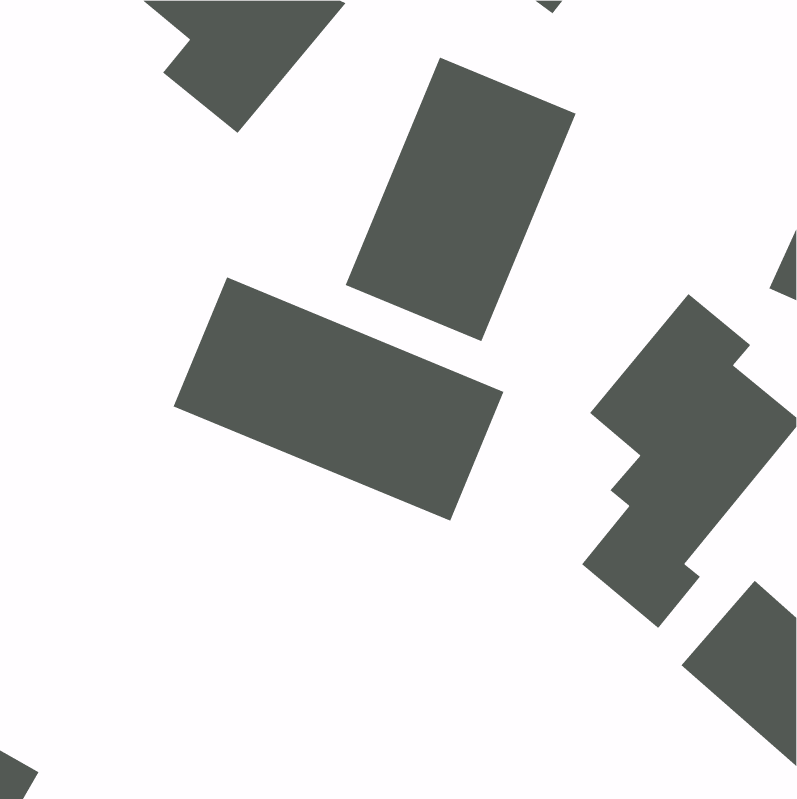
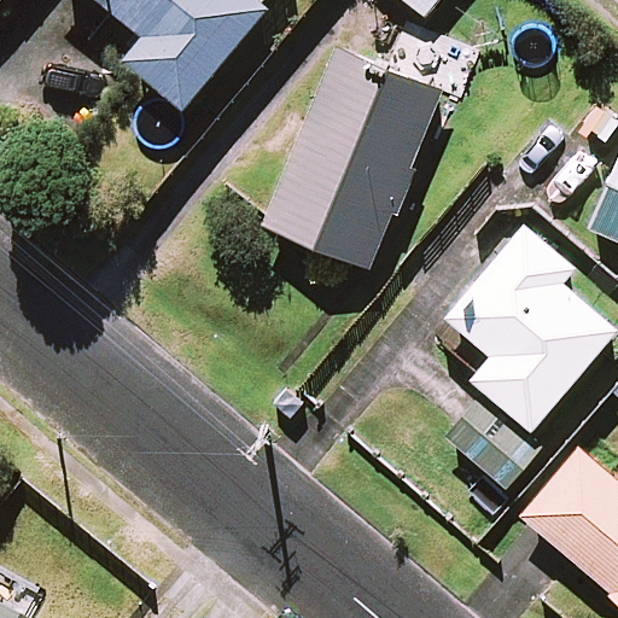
building: [173,277,504,522] -> none

